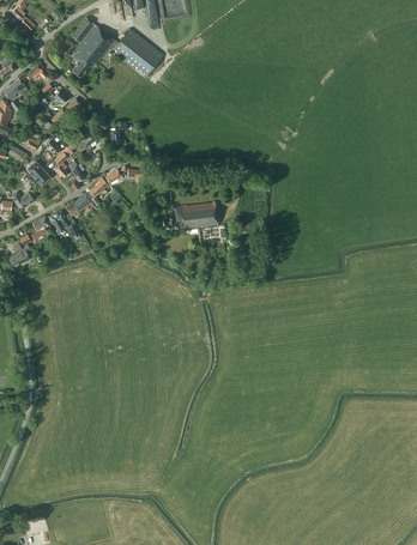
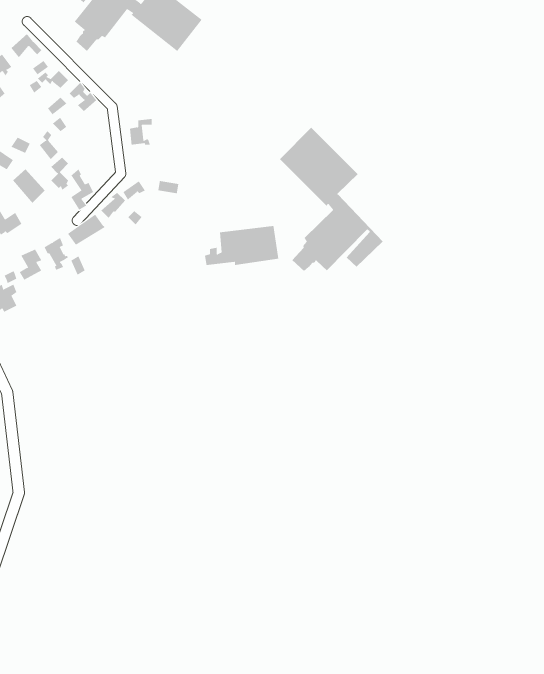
building: none -> [279,127,384,272]

